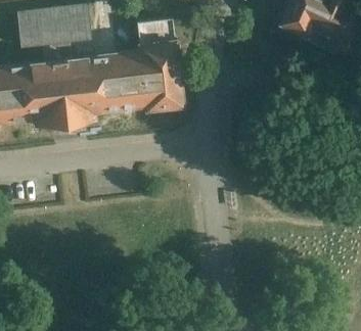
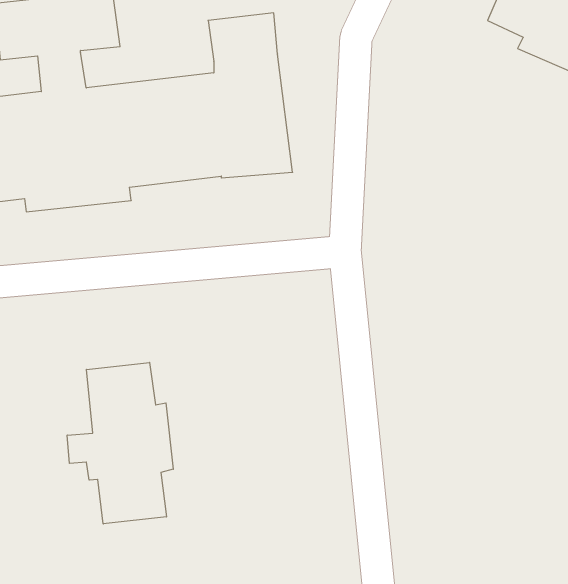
building: none -> [67,362,173,524]

